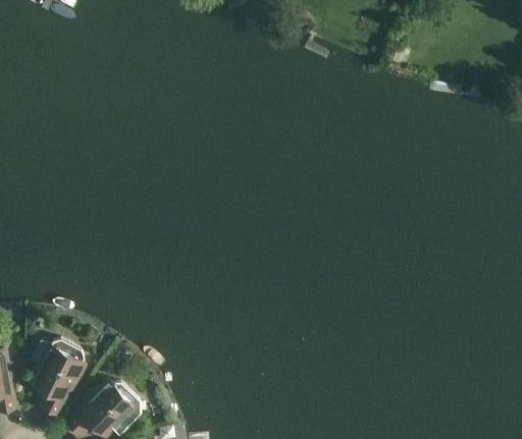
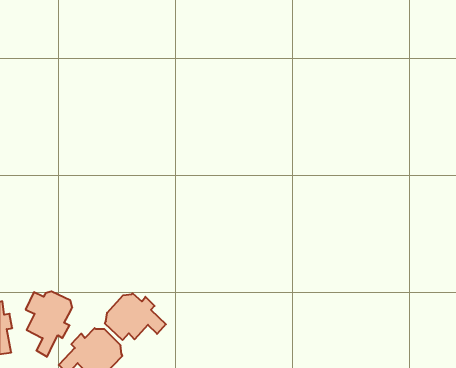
building: none -> [105,293,166,340]

